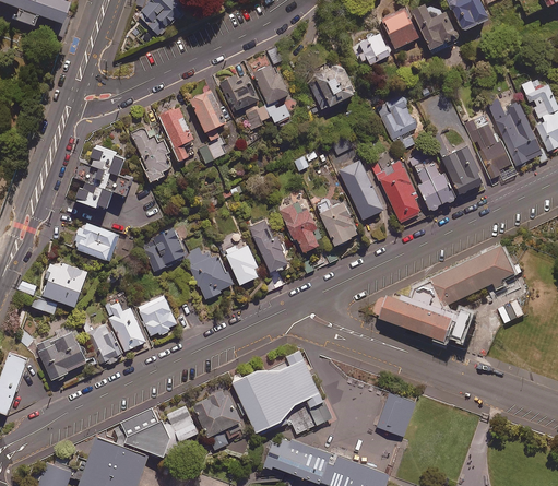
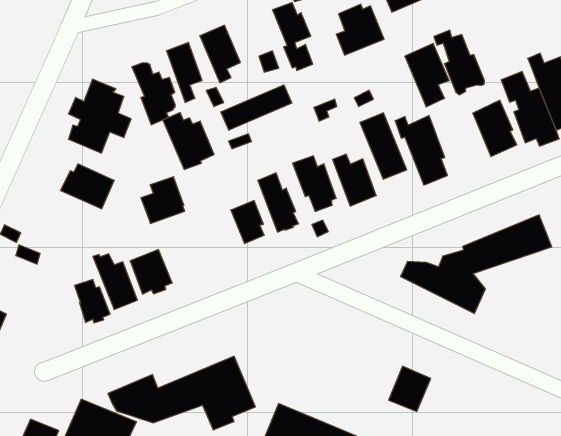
building: [217,74,258,111] -> none
building: none -> [221,85,292,130]
building: [405,154,453,212] -> [434,30,484,95]
building: [182,248,230,299] -> [163,113,214,170]
building: [41,263,87,308] -> none
building: [32,323,87,382] -> none
building: [238,354,340,434] -> none

